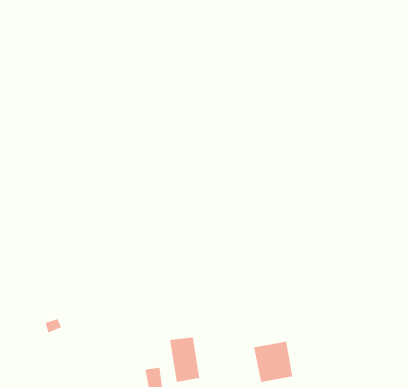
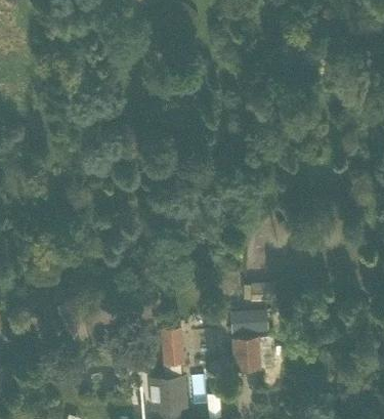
building: none -> [232,310,268,338]

